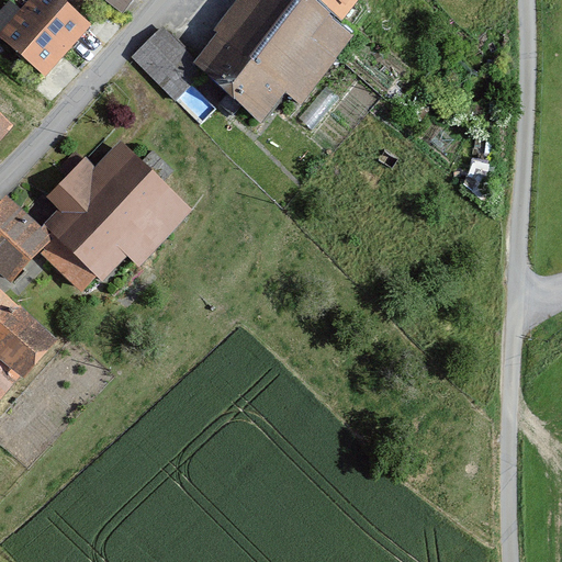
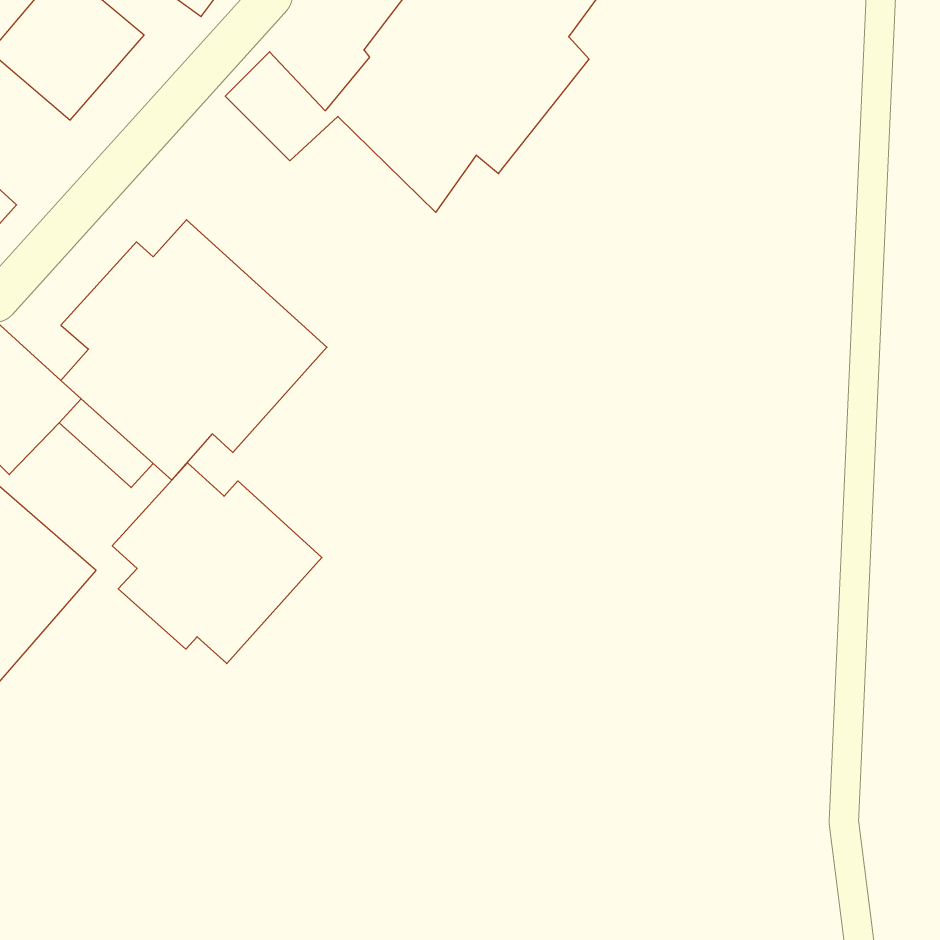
building: none -> [112,463,322,664]

